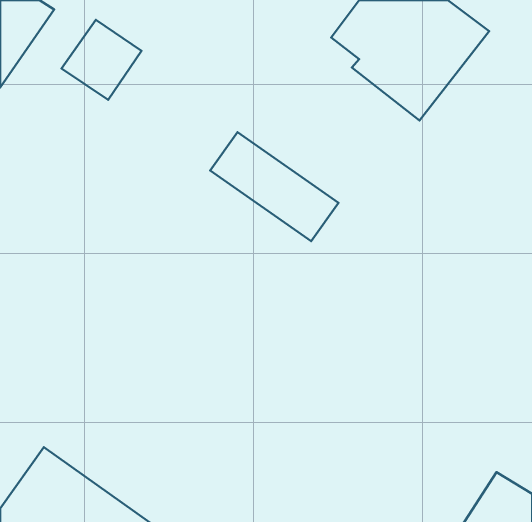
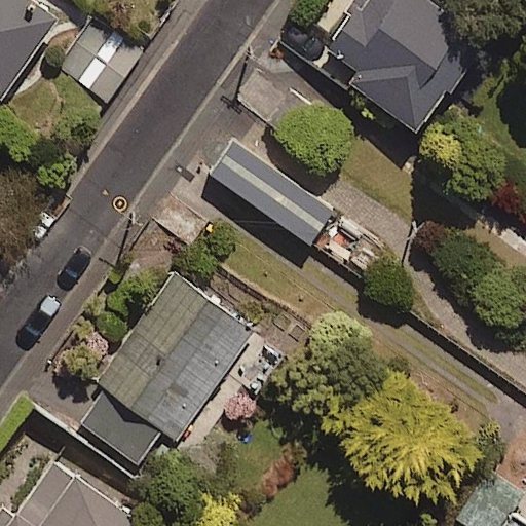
building: none -> [81,278,253,467]

